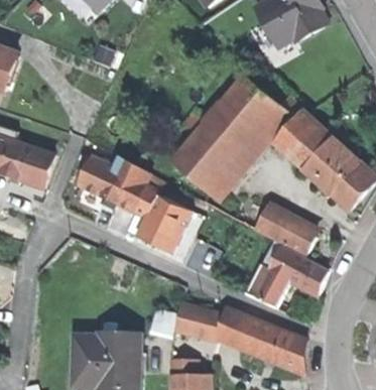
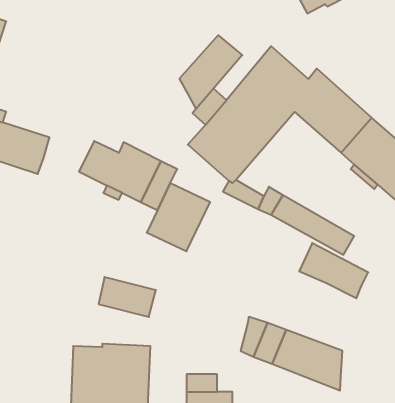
building: none -> [180,35,242,109]
building: [245,265,291,309] -> none
building: [174,304,224,339] -> [99,277,156,317]

